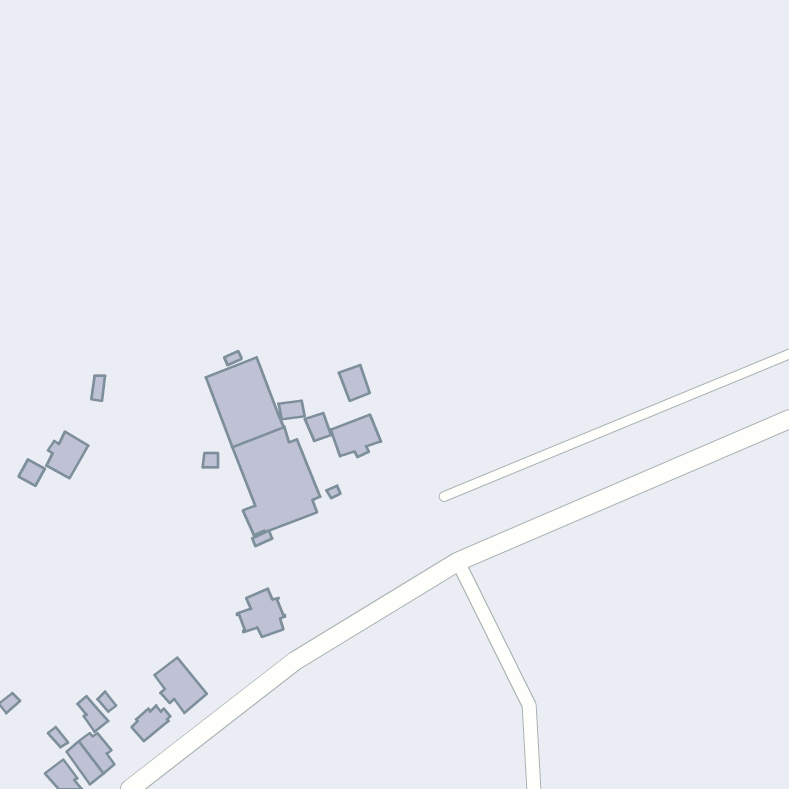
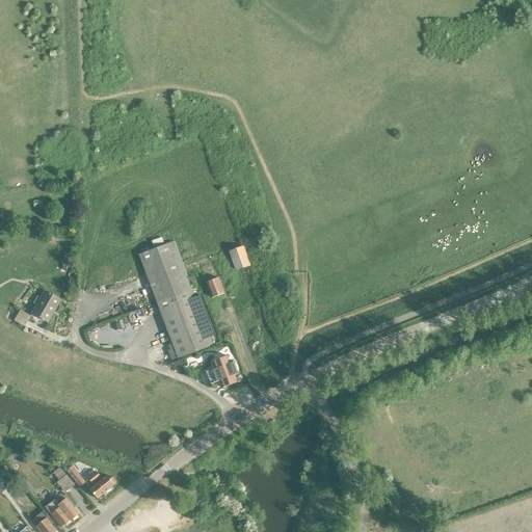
building: [331,415,381,457] -> none
building: [237,589,285,637] -> [205,354,237,387]
building: [155,658,207,713] -> none

